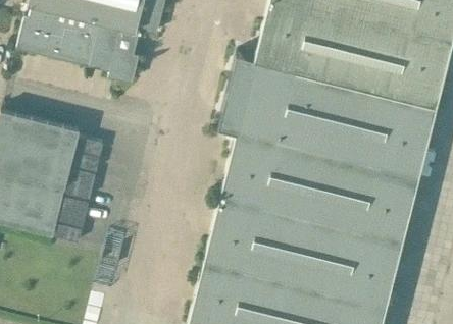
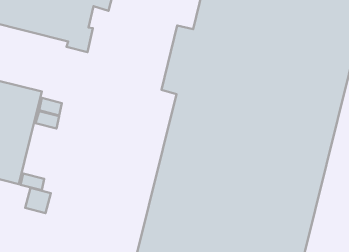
building: [66,168,96,198] -> none
building: [59,197,89,226] -> [25,188,51,213]

